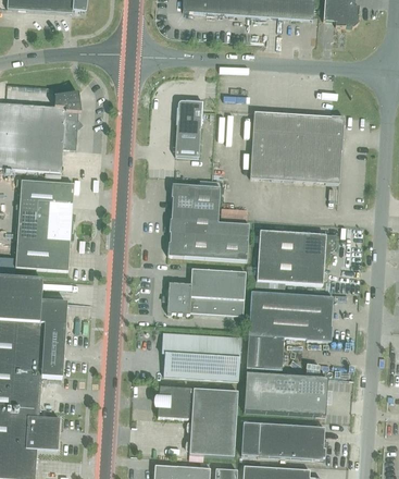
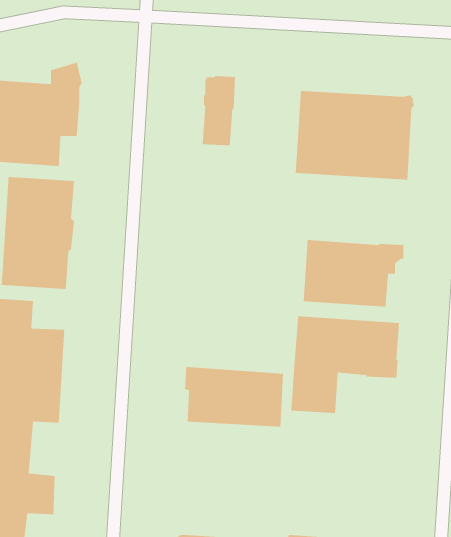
building: [169,183,249,259] -> none
building: [166,268,246,315] -> none
building: [244,372,327,416] -> none
building: [158,385,237,456] -> none
building: [240,421,325,459] -> none

